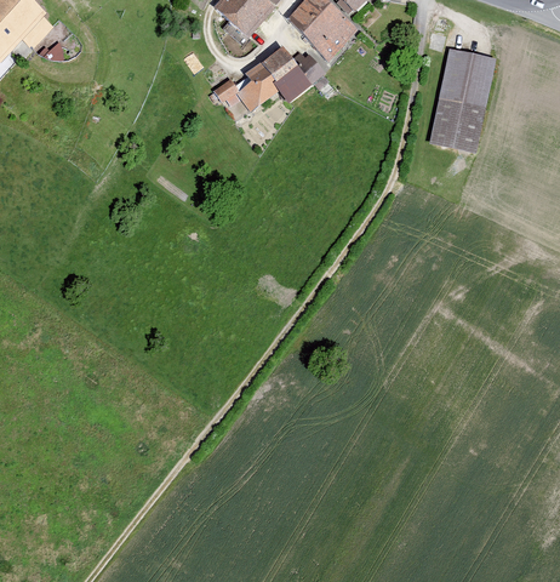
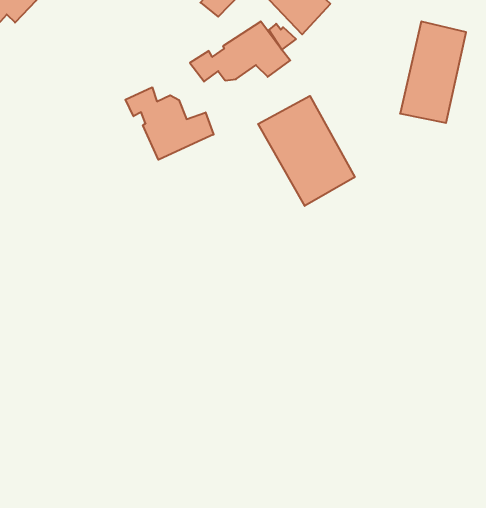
building: none -> [125,87,214,160]
building: none -> [258,96,355,206]

